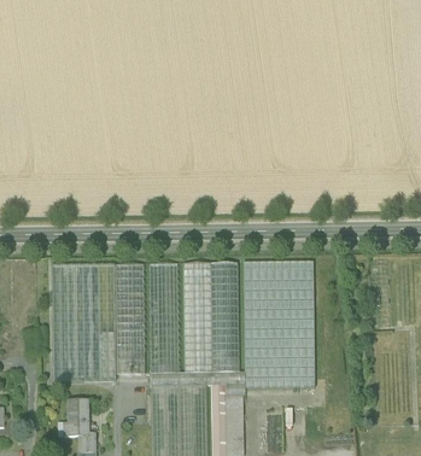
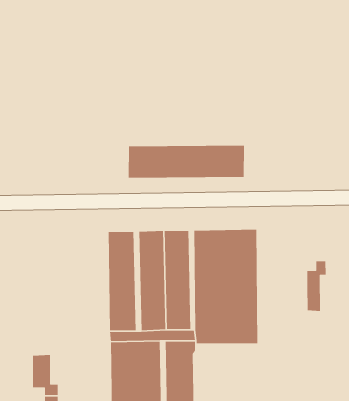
building: none -> [128,145,245,178]
building: [52,263,145,381] -> none
building: none -> [306,261,326,312]

